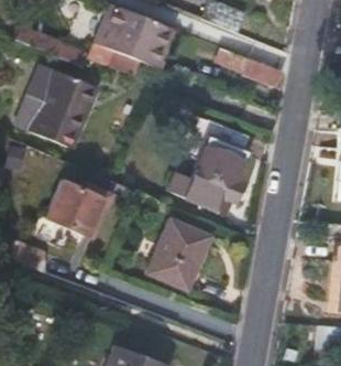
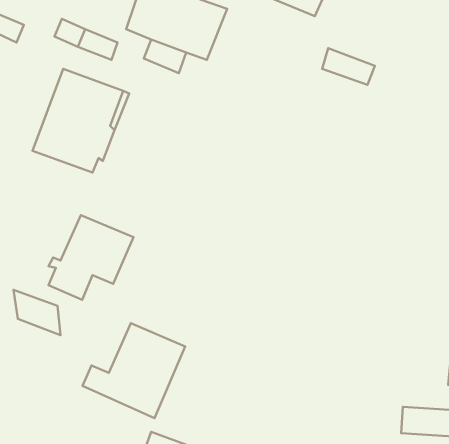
building: [186,121,246,207] -> none
building: [135,218,212,290] -> [83,323,185,418]

